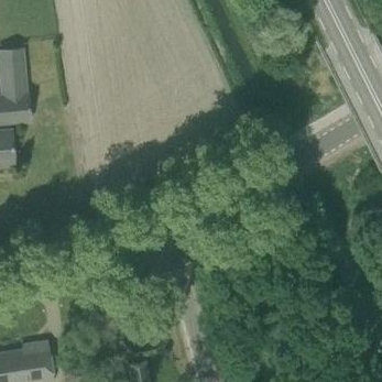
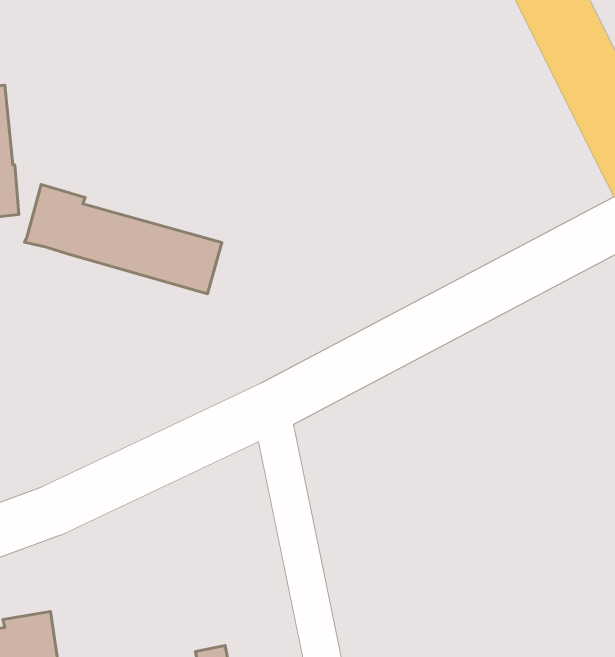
building: none -> [24,185,222,294]

